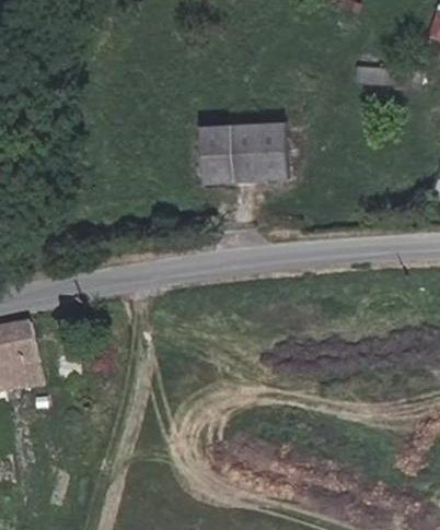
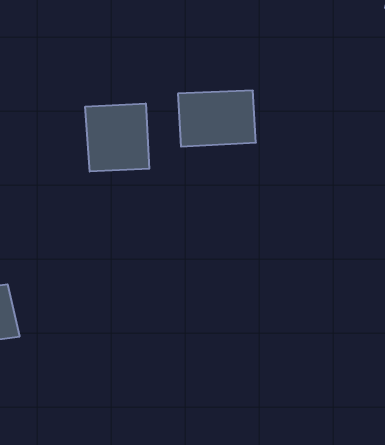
building: none -> [85,103,149,172]

